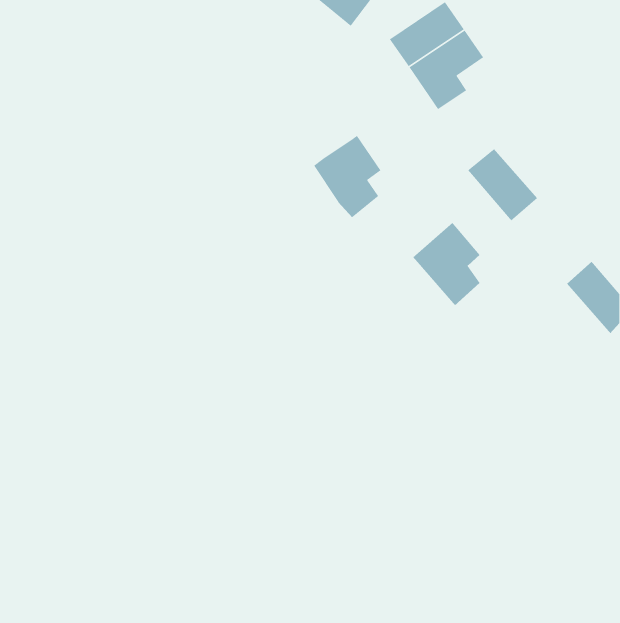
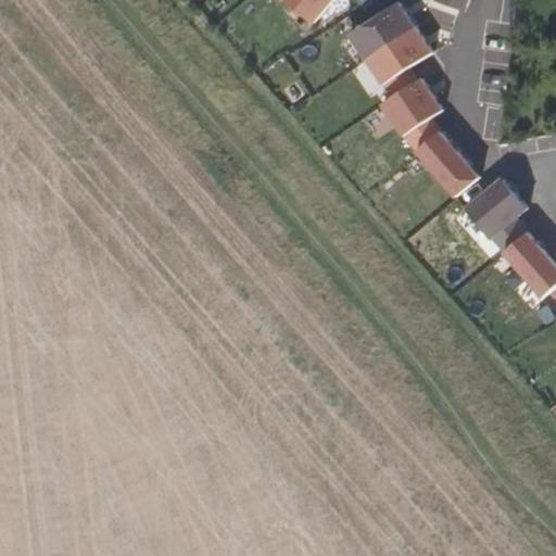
building: [313,135,382,218] -> [380,77,441,151]
building: [412,222,481,306] -> [465,177,526,252]

